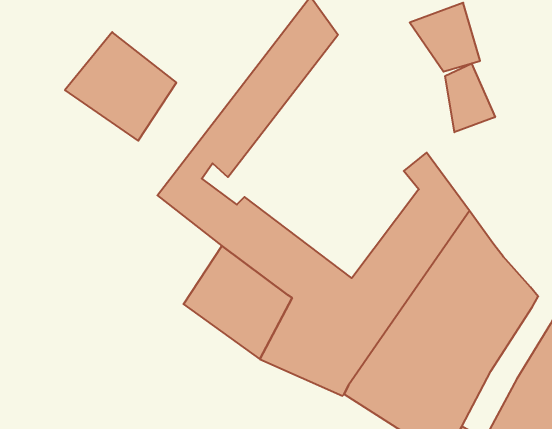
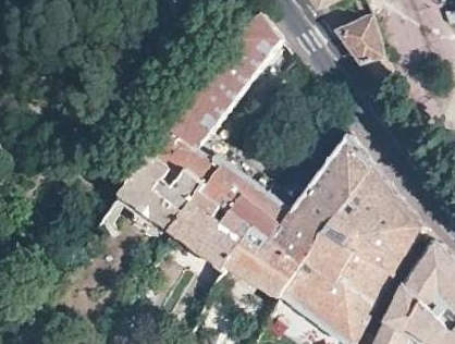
building: [65,32,176,141] -> [118,155,197,232]
building: [445,63,495,132] -> none

